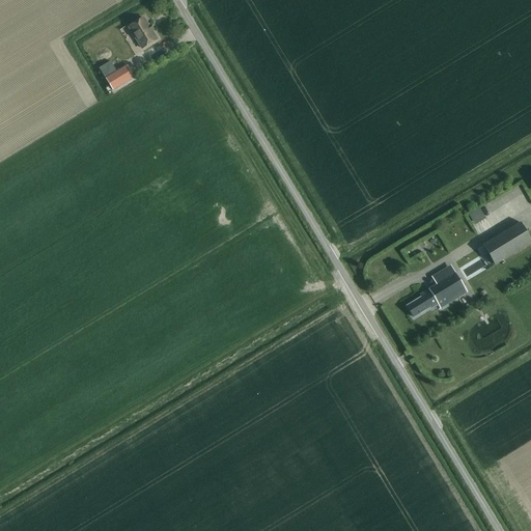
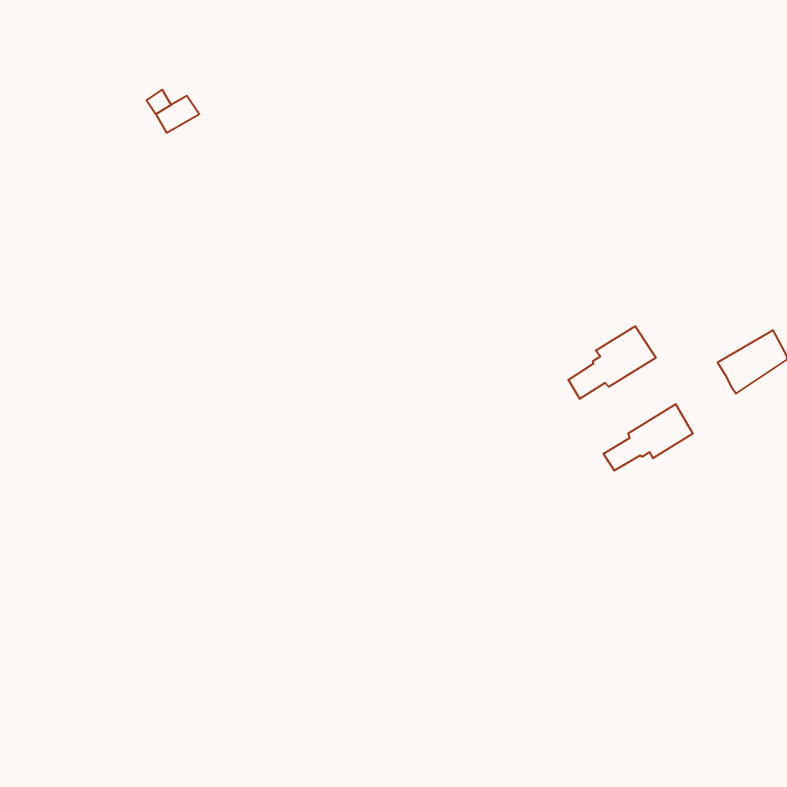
building: [127,16,157,49] -> none
building: none -> [568,326,656,399]

